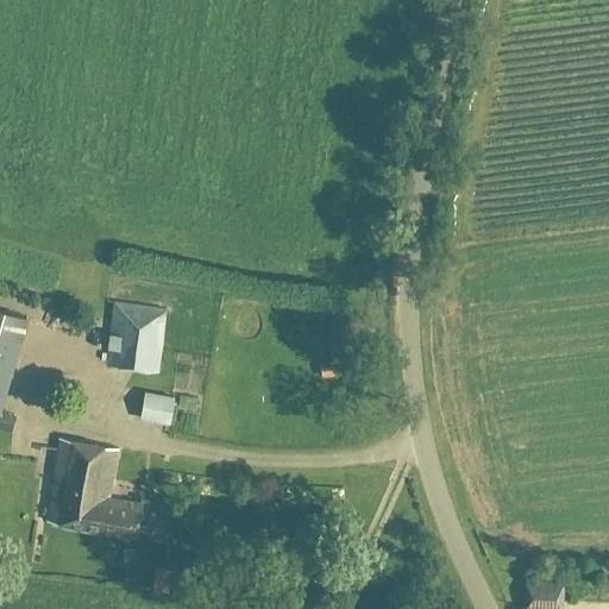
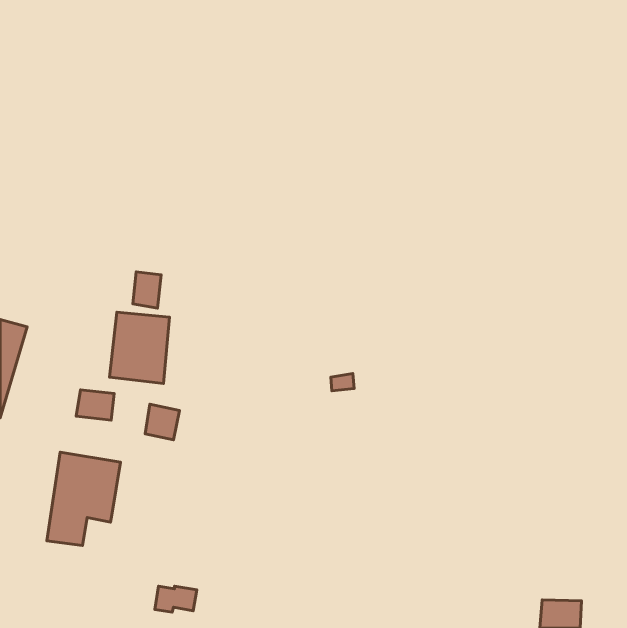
building: none -> [133,272,161,308]
building: none -> [76,390,114,420]
building: [81,498,140,538] -> none

